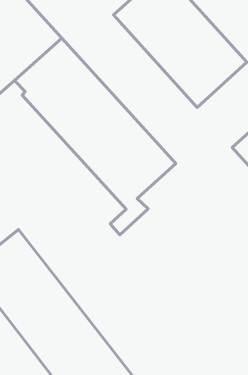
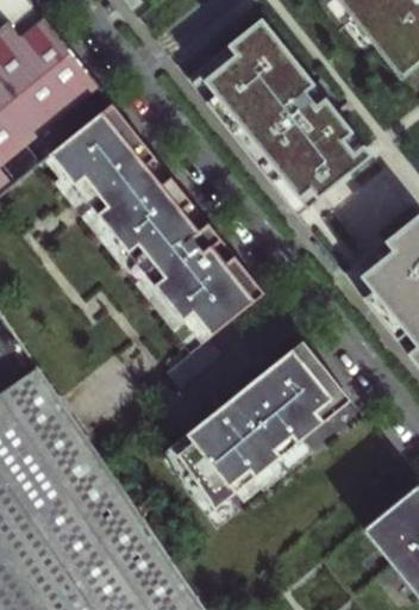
building: none -> [161,338,352,516]

